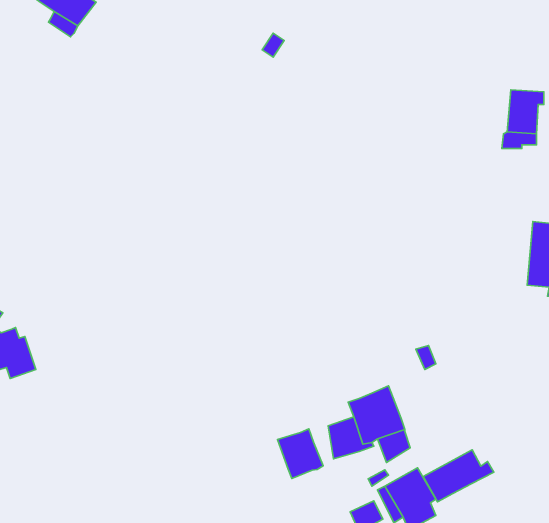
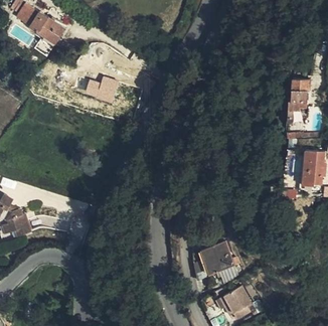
building: none -> [85,76,118,104]
building: [277,429,323,479] -> none
building: [423,450,494,502] -> none

